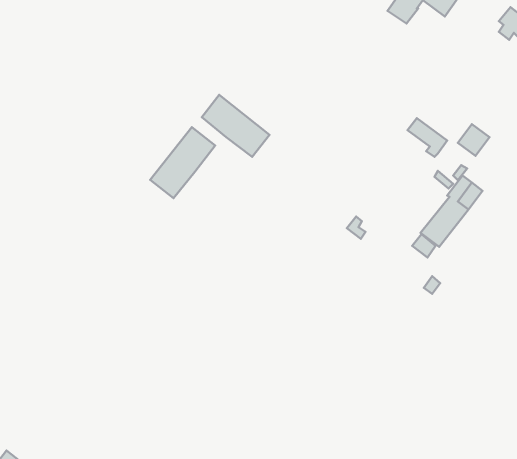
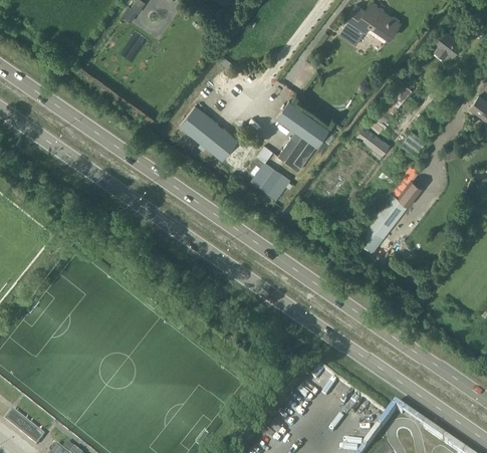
building: none -> [276,102,329,172]
building: [150,127,215,198] -> none
building: none -> [249,162,289,200]

